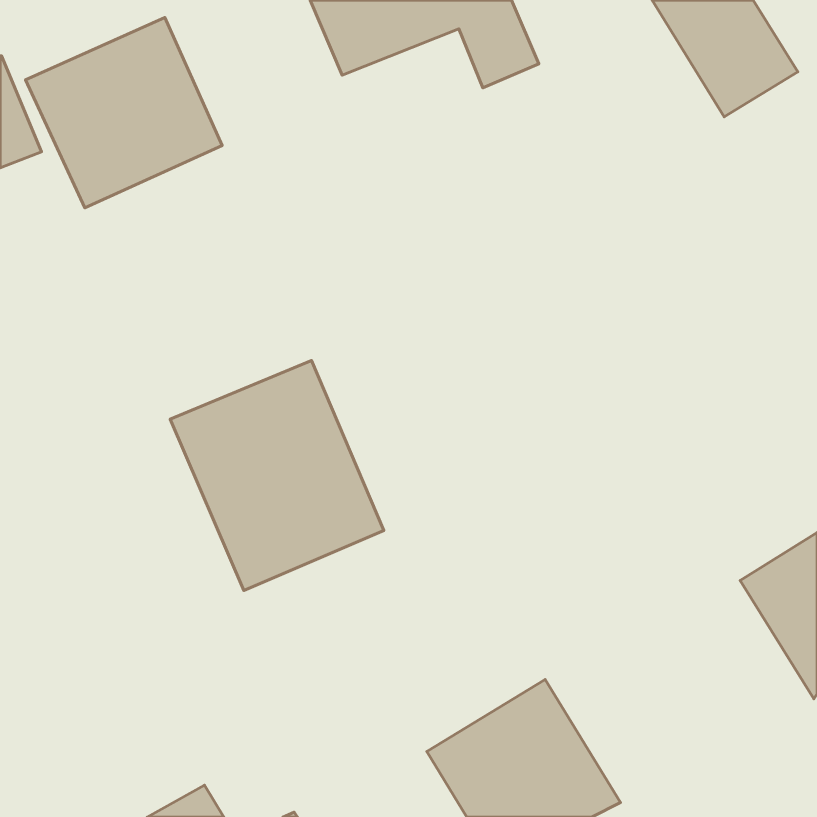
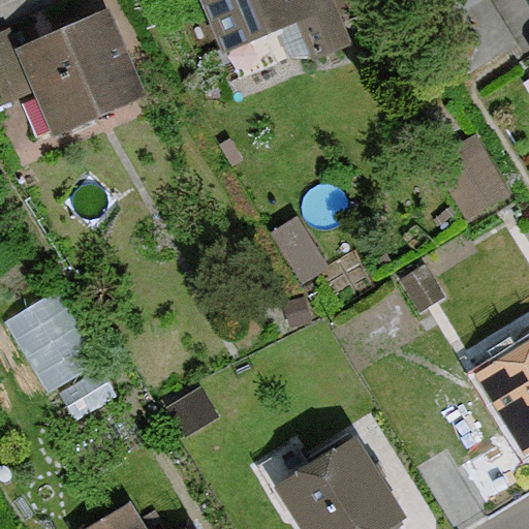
building: [170,361,384,591] -> none
building: none -> [13,285,96,381]

